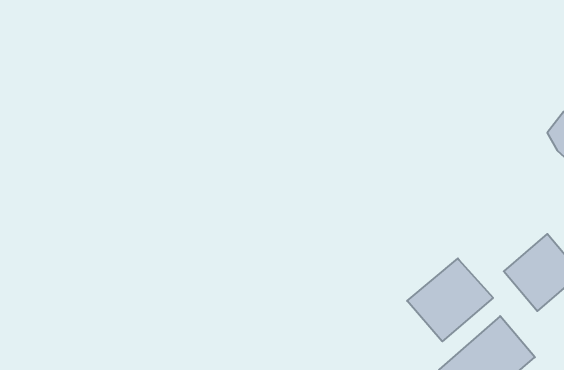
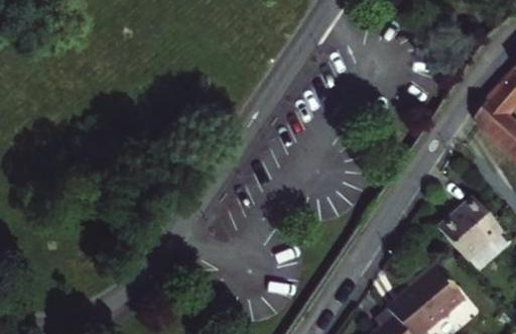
building: [407,258,493,341] -> none

